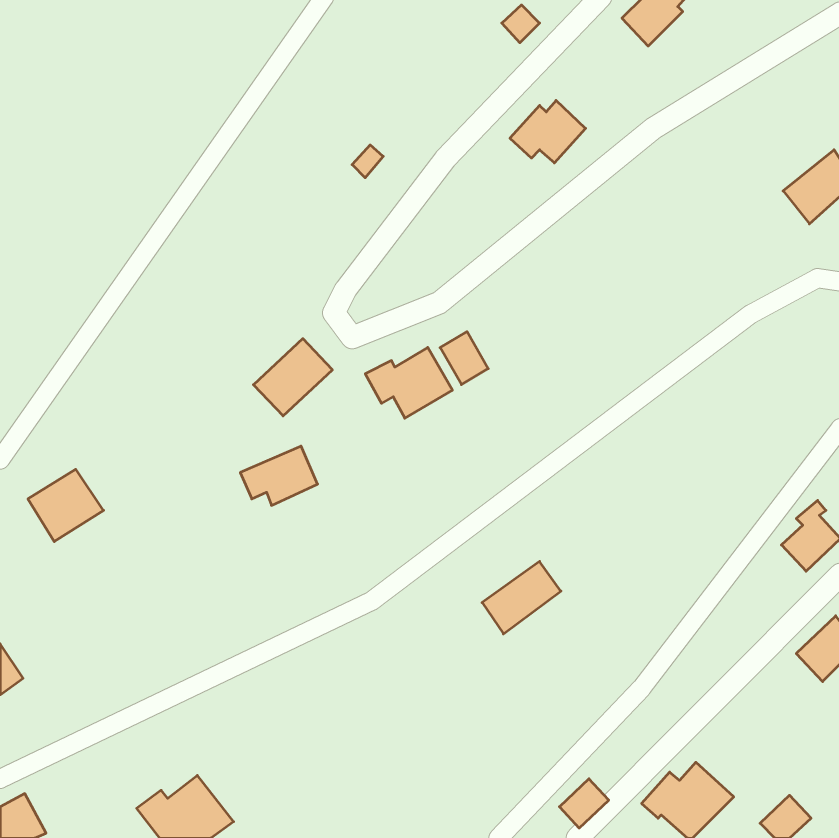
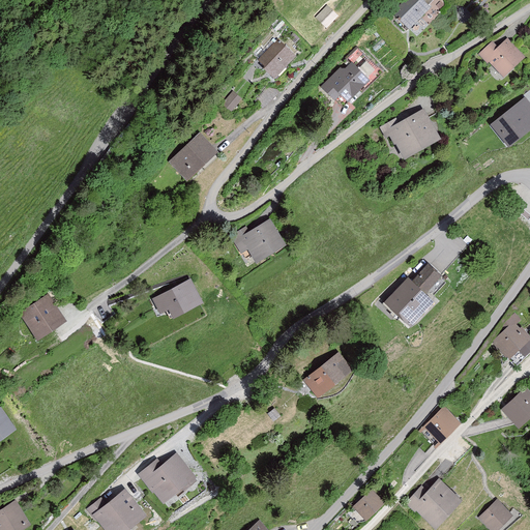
building: none -> [478,38,525,77]
building: none -> [257,40,295,79]
building: none -> [381,109,442,159]
building: [440,332,488,385] -> none
building: [253,339,332,416] -> [170,132,219,181]
building: none -> [384,264,443,327]
building: none -> [425,407,459,441]
building: none -> [140,454,196,505]

